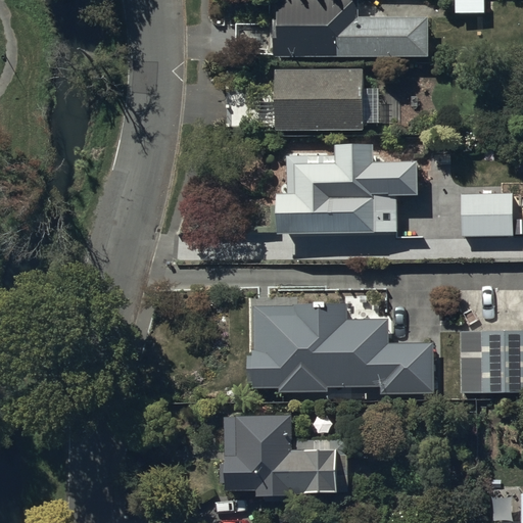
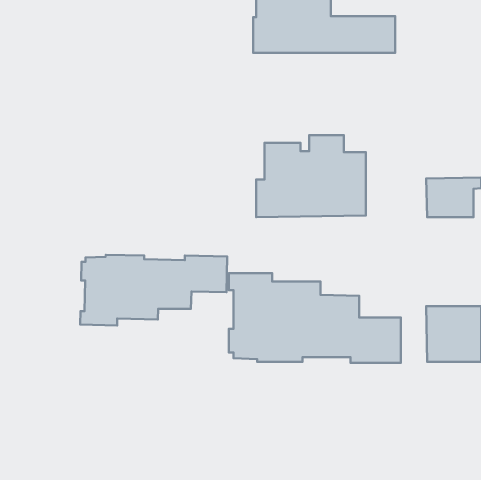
building: [274,69,375,131] -> none
building: none -> [80,255,227,325]
building: [224,417,346,496] -> none

